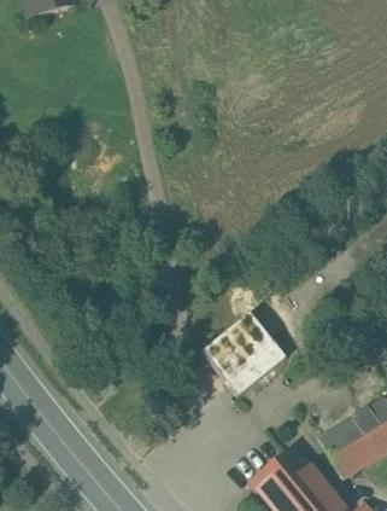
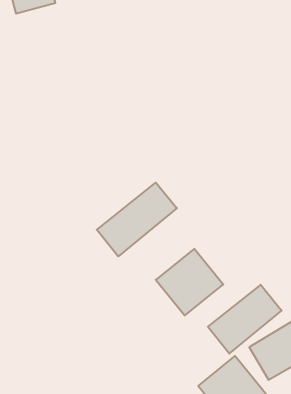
building: none -> [97,183,177,256]
building: none -> [208,285,282,354]

